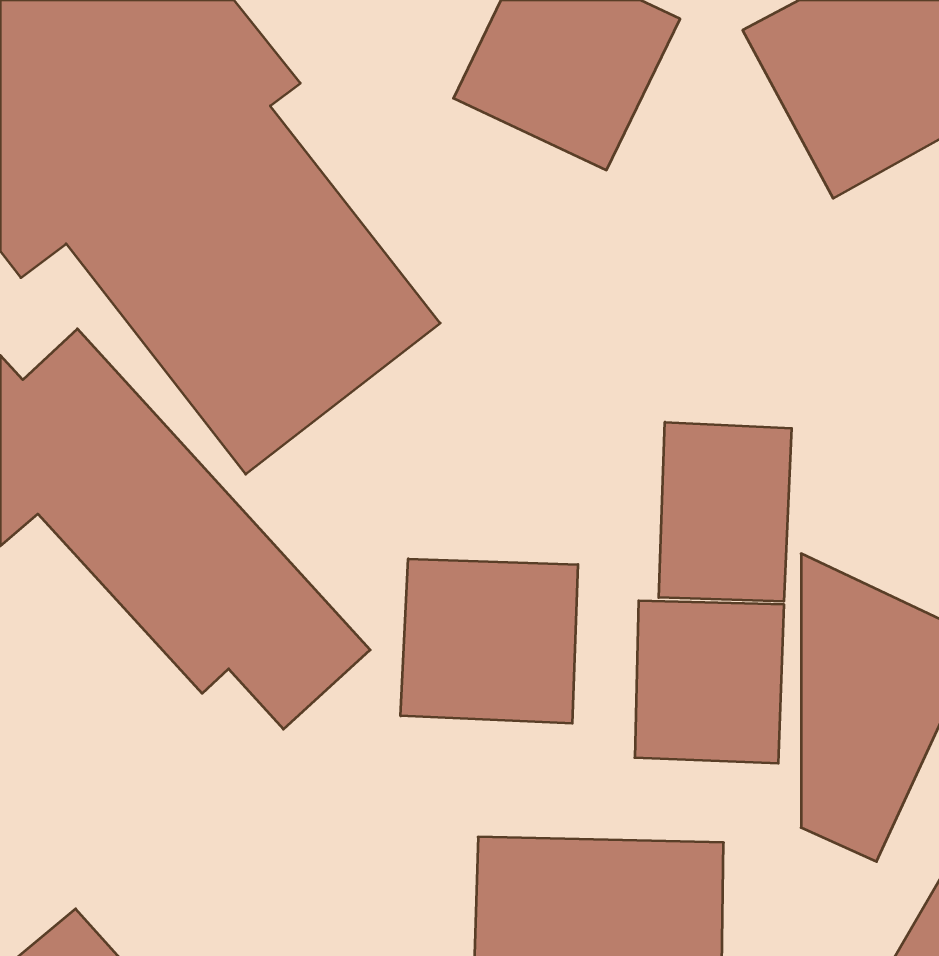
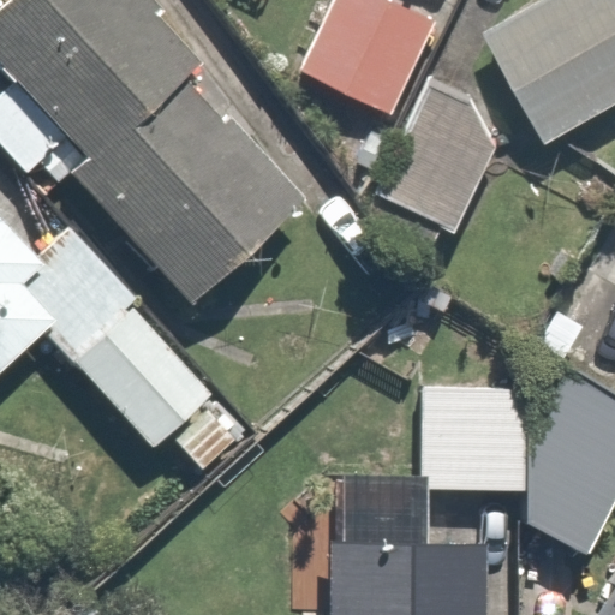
building: none -> [376,72,515,228]
building: [659,422,792,601] -> none
building: [401,559,578,723] -> none

